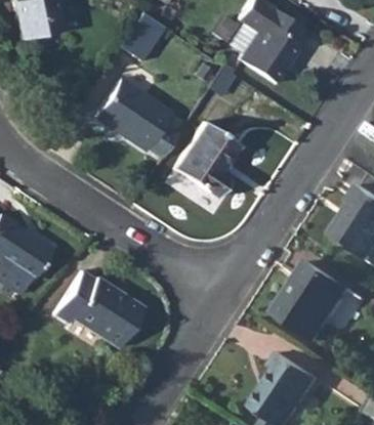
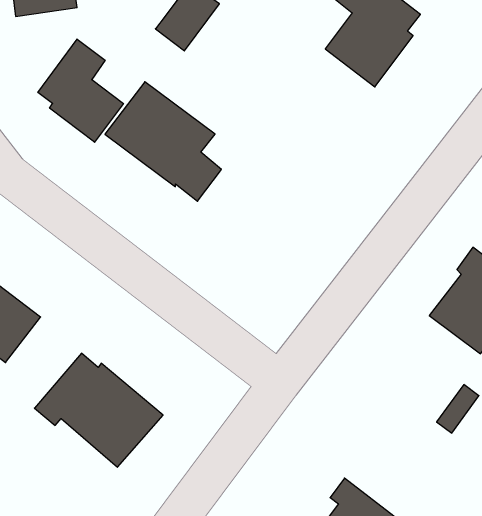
building: none -> [38,39,123,142]
building: [170,126,235,202] -> none
building: [269,259,346,339] -> none

